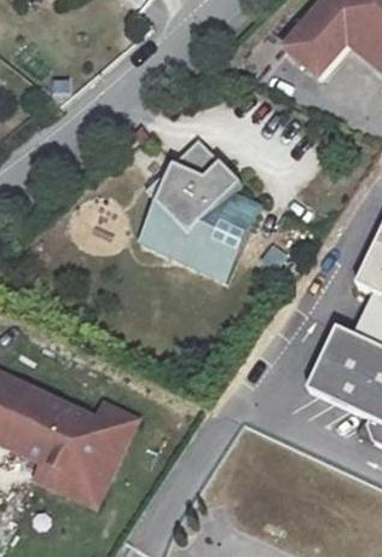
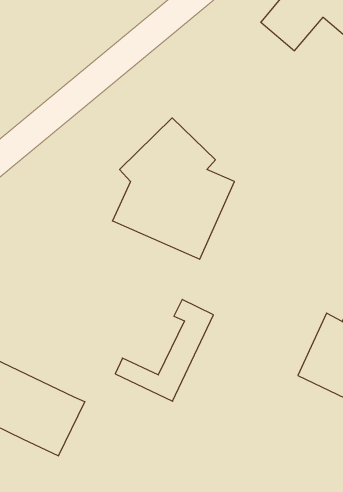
building: [34,401,133,504] -> [115,299,213,401]

